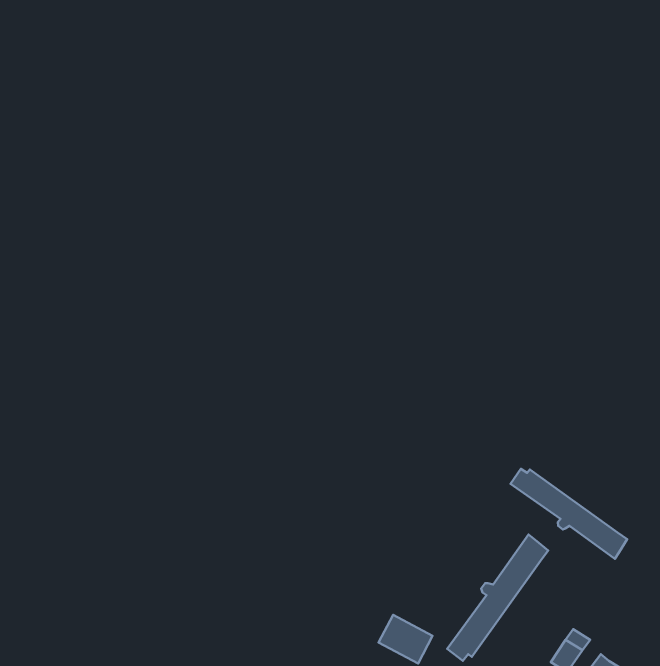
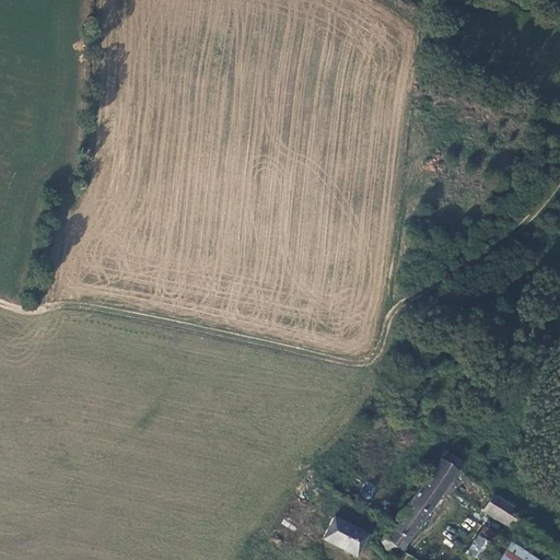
building: [511,469,627,559] -> none
building: none -> [488,497,523,528]

